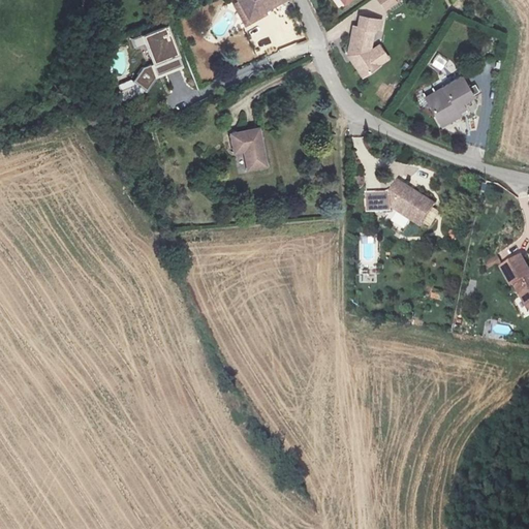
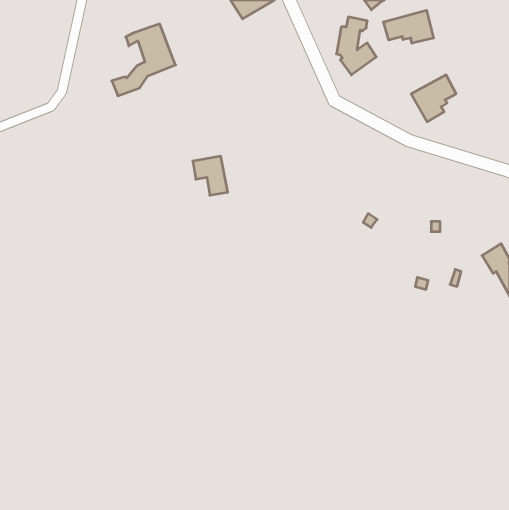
building: none -> [383,10,434,43]
building: [230,127,267,167] -> [193,156,228,195]
building: [366,180,433,225] -> none

